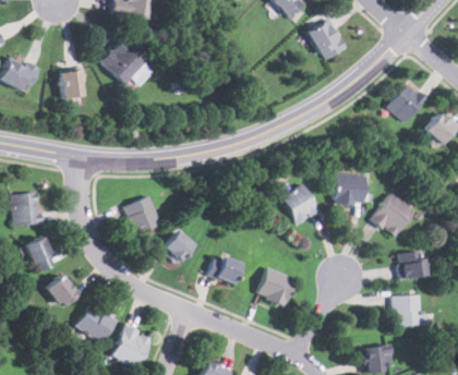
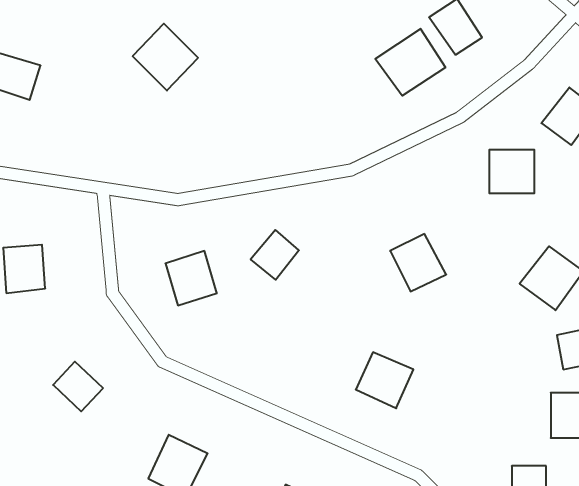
building: none -> [375,29,445,96]
building: [63,70,82,96] -> none
building: [334,173,365,204] -> [489,150,534,193]
building: [160,230,194,265] -> [251,230,299,280]
building: [26,237,55,273] -> none
building: [207,253,243,285] -> none
building: [74,303,116,343] -> none

